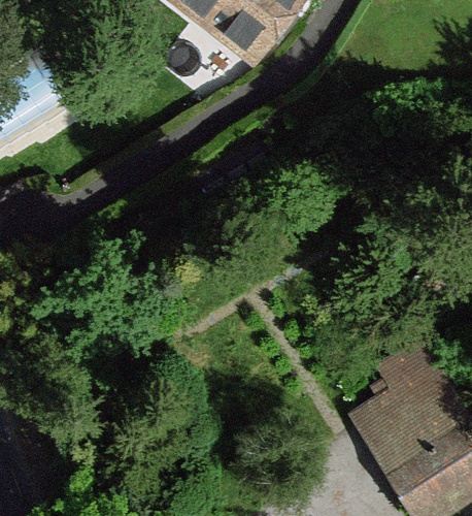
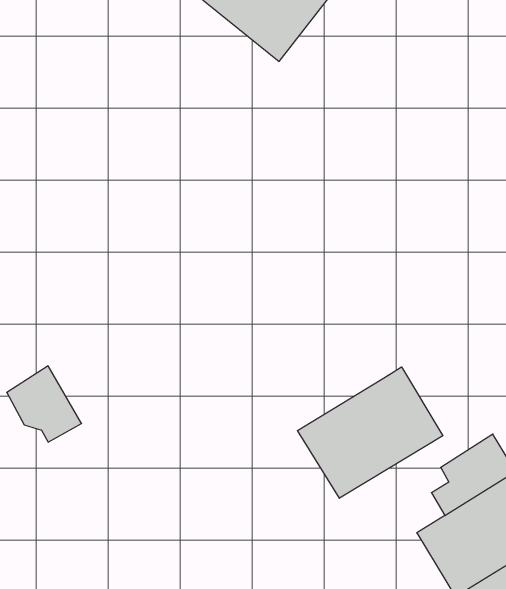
building: none -> [297,367,443,498]

